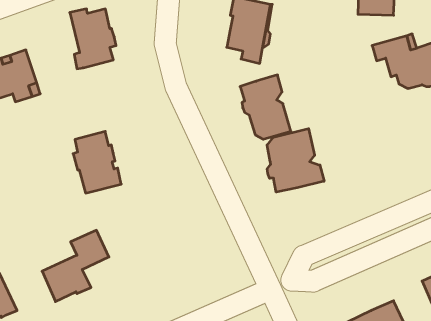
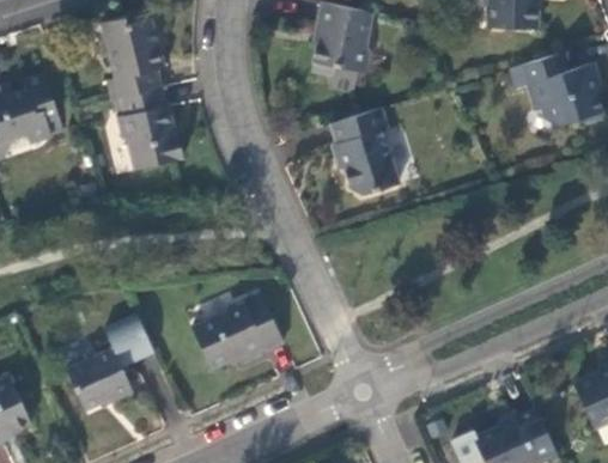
building: [267,129,324,192] -> none
building: [73,131,121,193] -> [117,87,182,170]
building: none -> [190,293,282,367]

